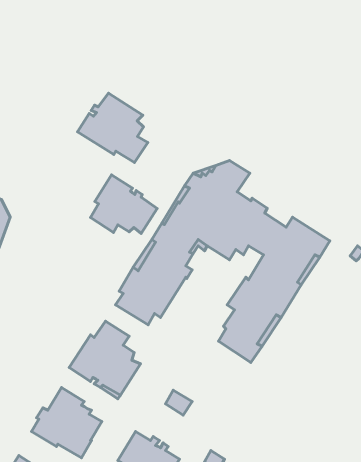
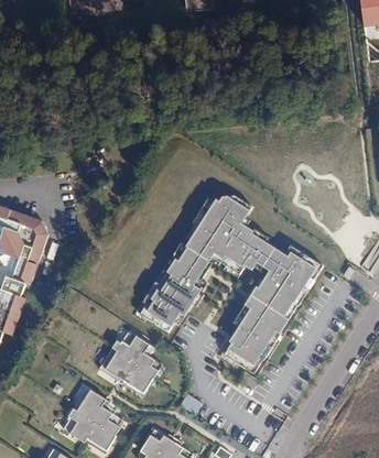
building: [78,93,148,163] -> none
building: [91,175,157,234] -> none

